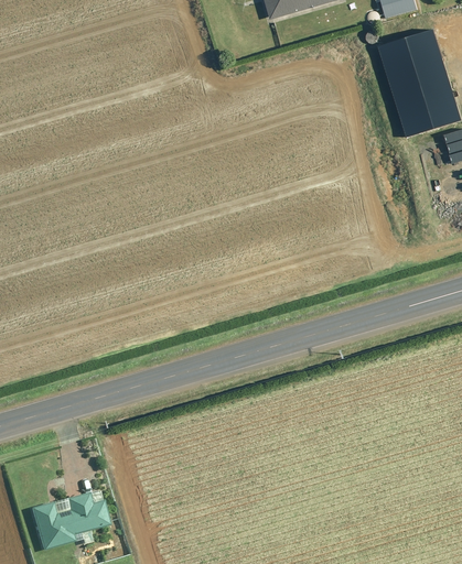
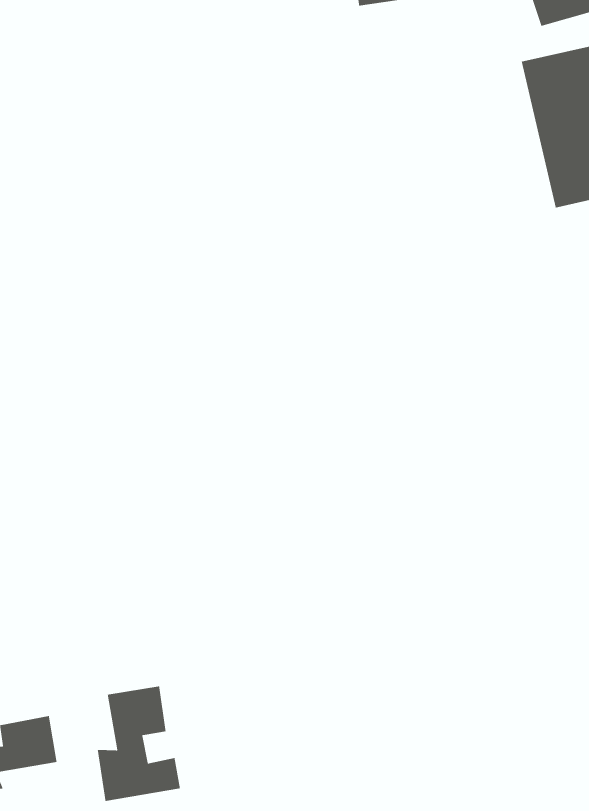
building: none -> [97,685,181,802]

